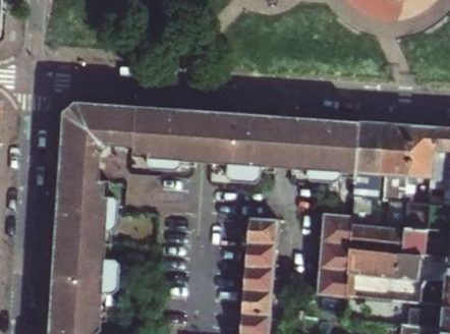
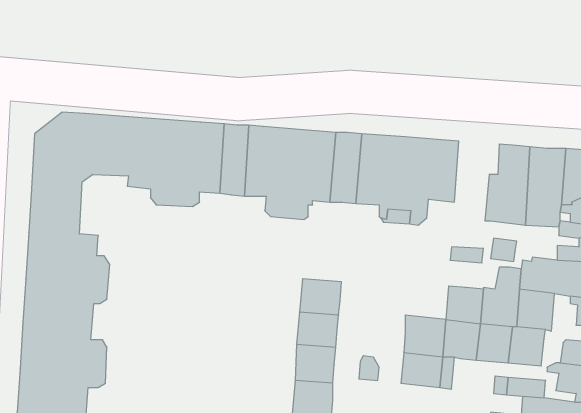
building: [355,122,388,178] -> none
building: [322,211,353,247] -> none

